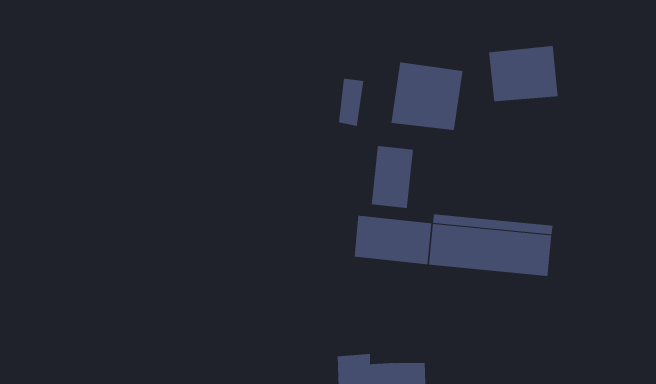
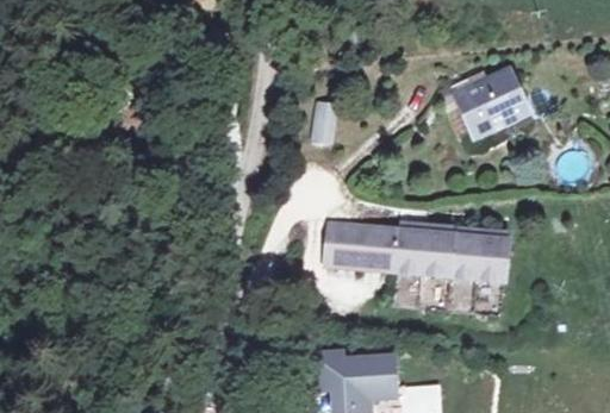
building: [391,62,463,131] -> none
building: [371,145,413,209] -> none

